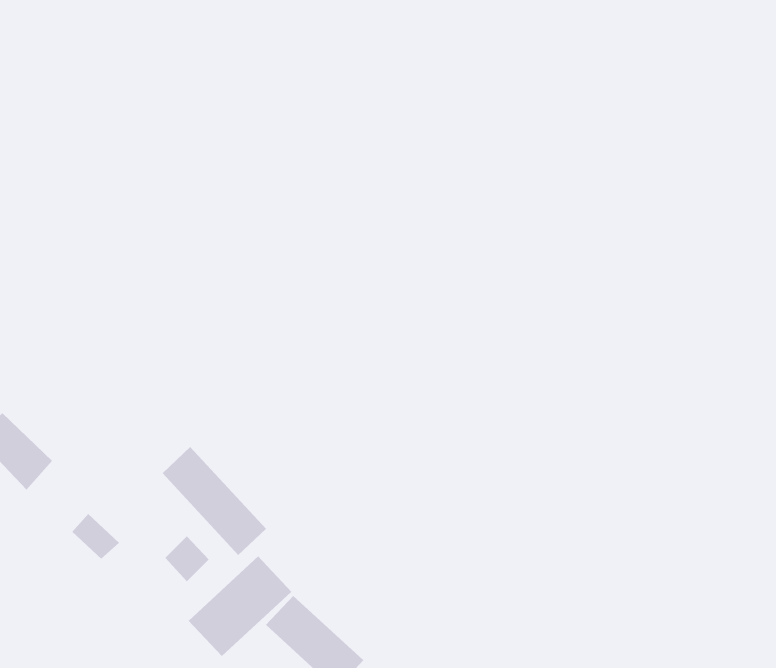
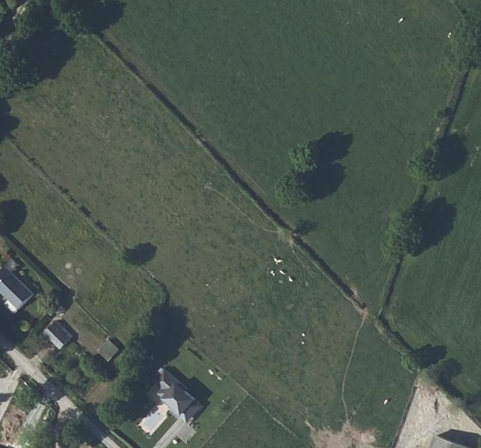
building: [162,446,267,556] -> none
building: [188,556,292,657] -> none

